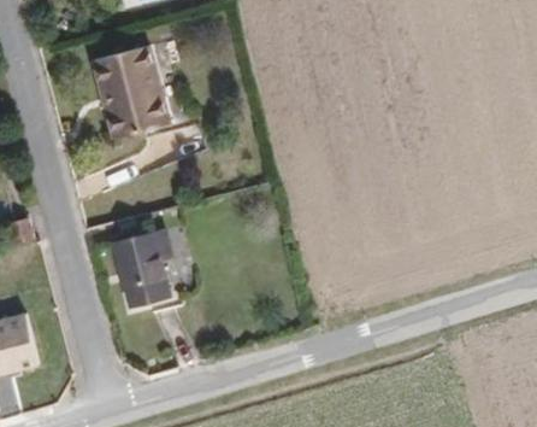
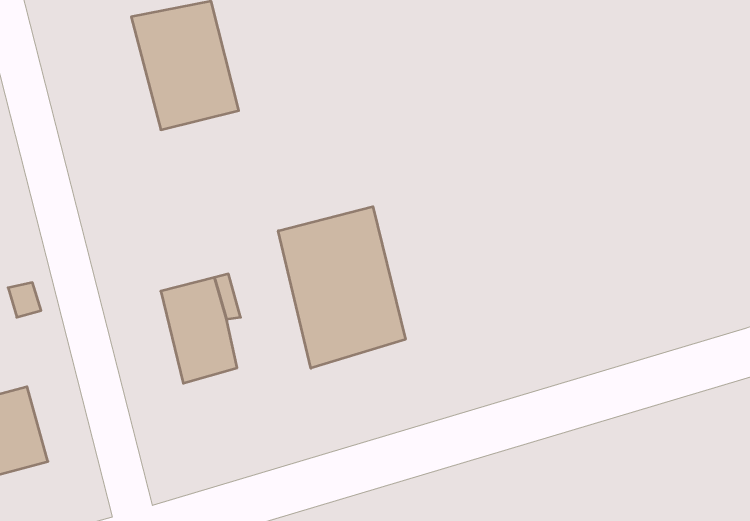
building: none -> [278,207,405,368]

